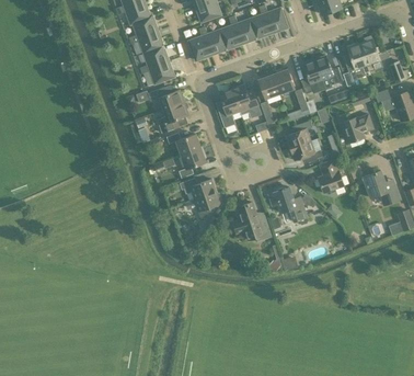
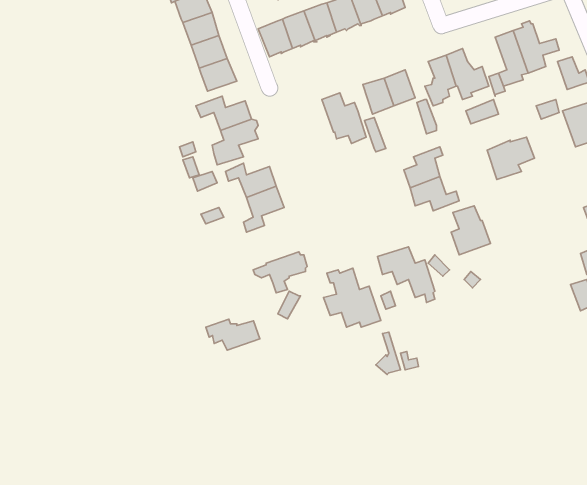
building: [218,89,239,127] -> none
building: [363,170,400,205] -> none
building: [180,178,216,198] -> [206,319,260,350]

